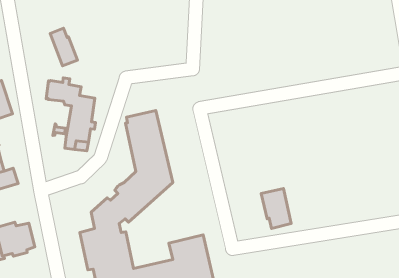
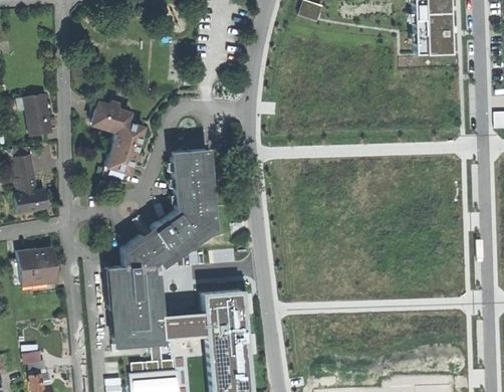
building: [50,28,78,66] -> none
building: [261,189,291,228] -> none

